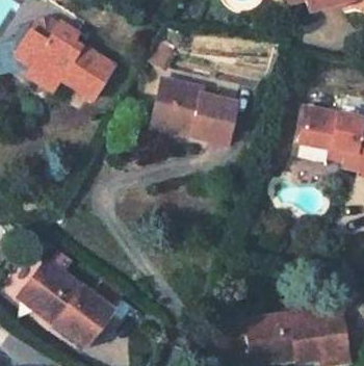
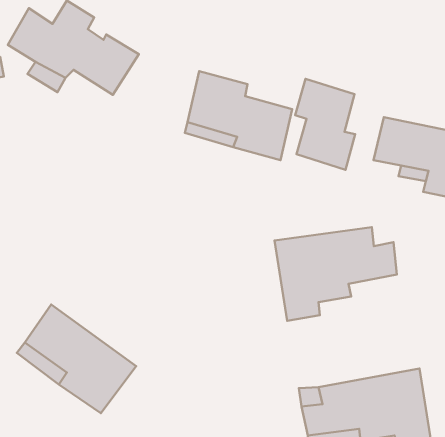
building: none -> [295,79,355,170]
building: none -> [274,227,397,321]

